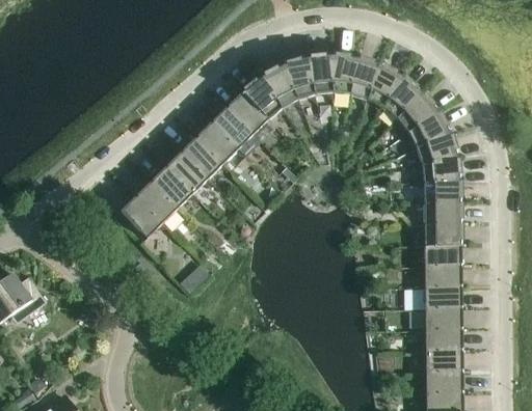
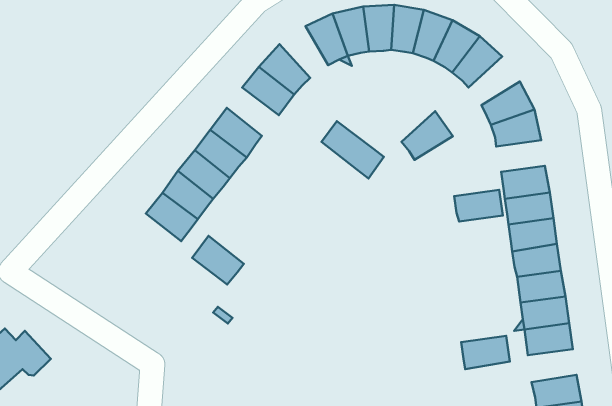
building: [262,65,298,107] -> none
building: [213,107,261,156] -> [321,121,384,178]
building: [407,111,449,147] -> [401,111,453,160]
building: [423,182,459,202] -> [454,190,503,222]
building: [122,196,162,237] -> [192,236,244,284]
building: [425,351,461,373] -> [461,336,510,369]

